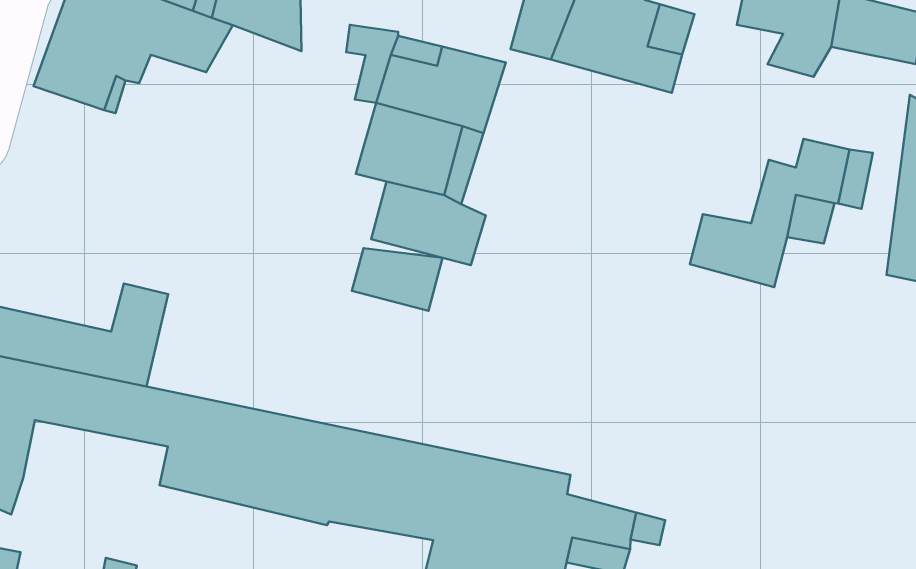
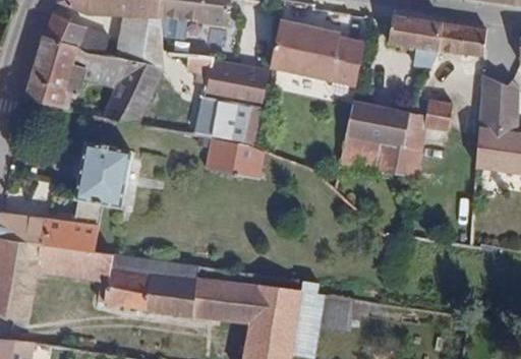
building: none -> [99,60,163,126]
building: none -> [340,101,410,169]
building: none -> [74,142,129,205]
building: [352,248,443,311] -> none

